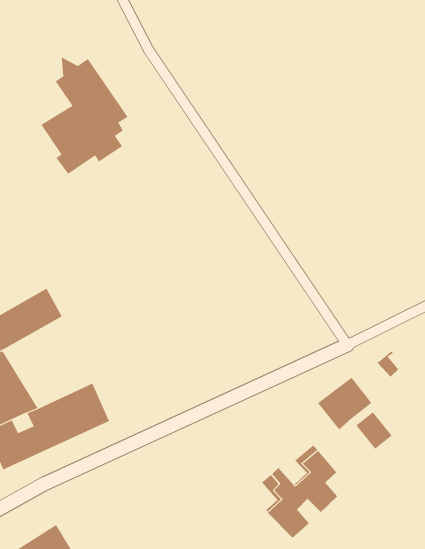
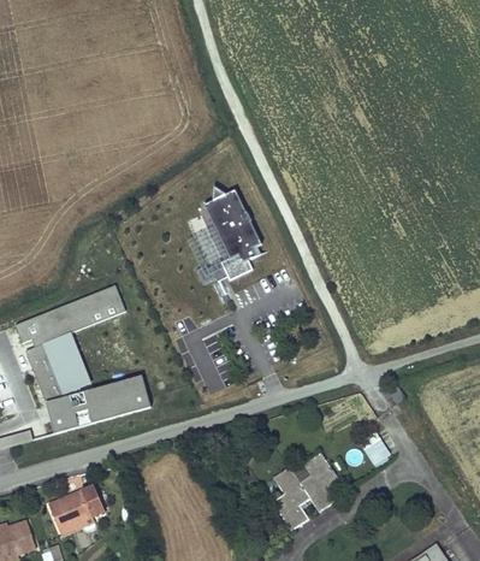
building: [40,57,128,175] -> [185,185,261,287]
building: [317,377,372,430] -> none

